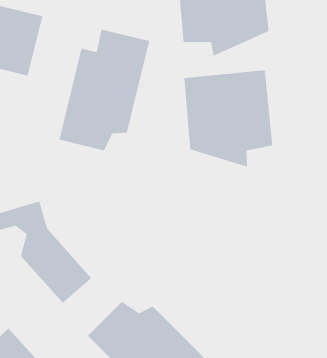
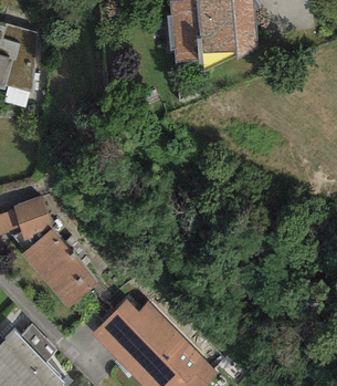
building: [59,29,150,151] -> none
building: [184,70,273,168] -> none

